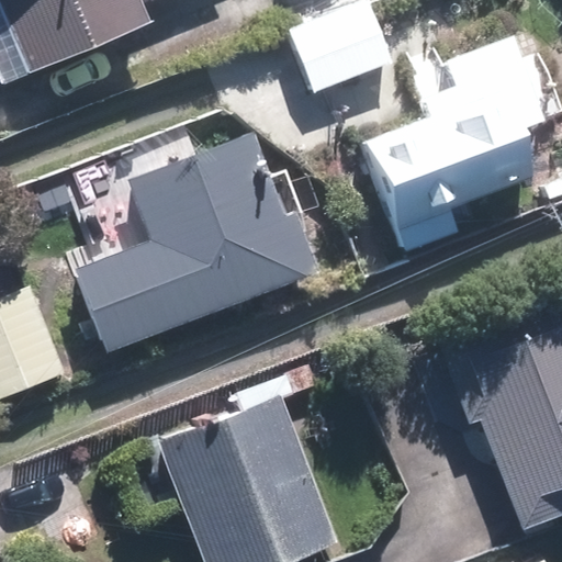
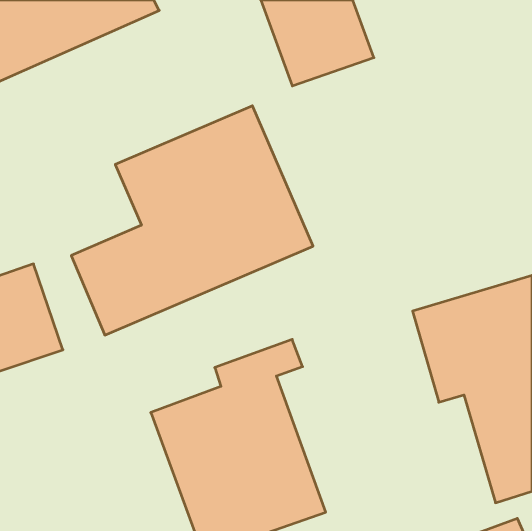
building: [361,44,542,257] -> none

